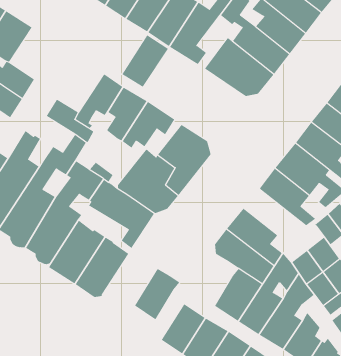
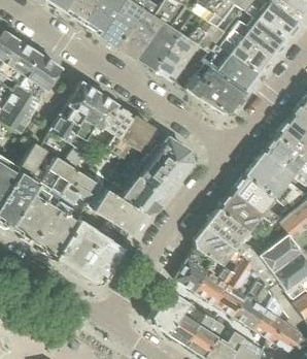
building: none -> [21,54,62,98]
building: [121,34,169,88] -> [61,80,101,126]
building: none -> [219,191,273,231]
building: [134,268,180,320] -> [176,247,215,291]

